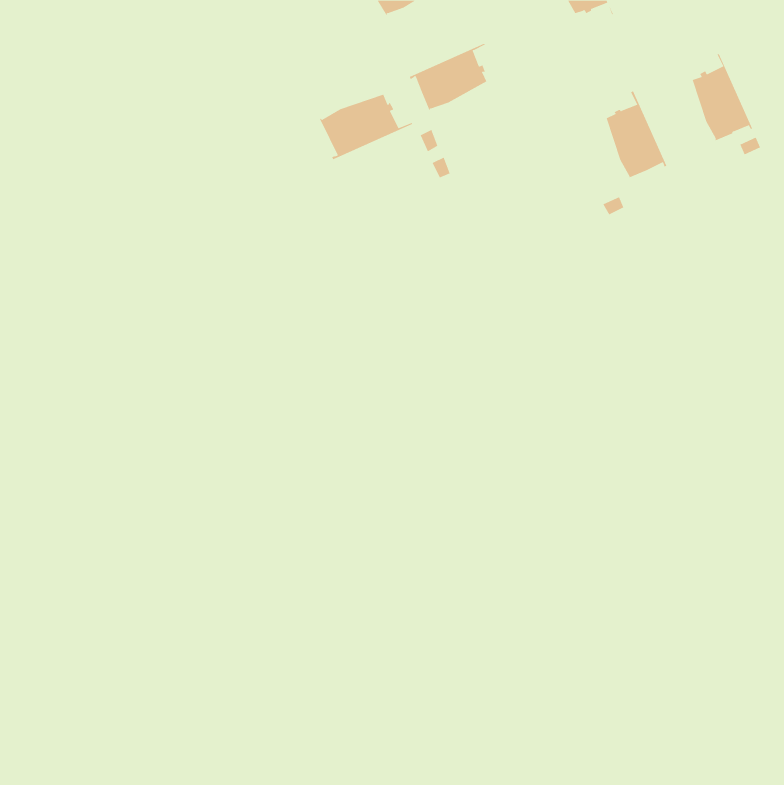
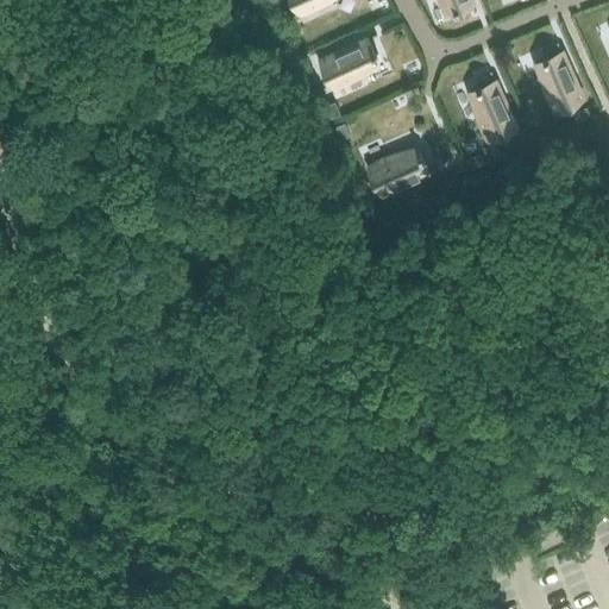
building: [320,94,412,160] -> none
building: none -> [368,146,437,194]

